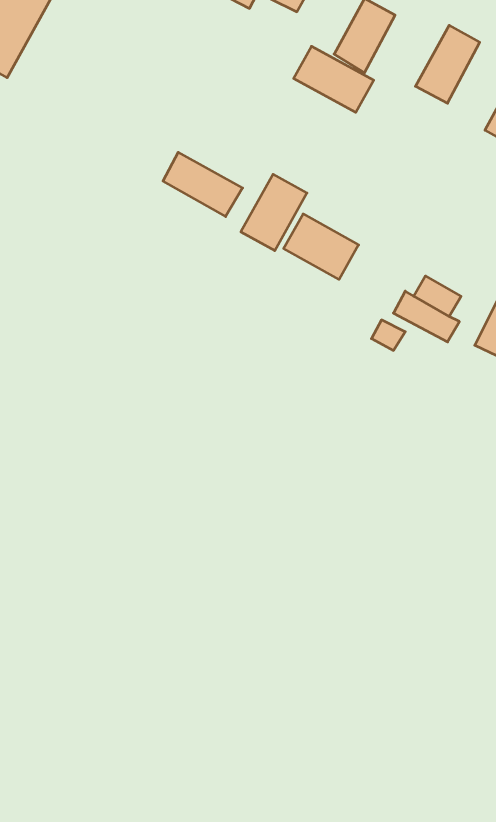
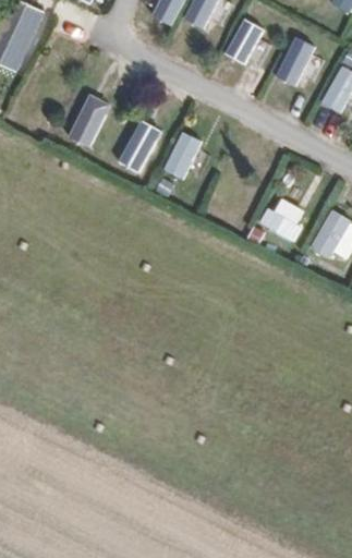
building: [294,46,374,112] -> none
building: none -> [66,93,113,148]
building: [284,214,359,279] -> none

